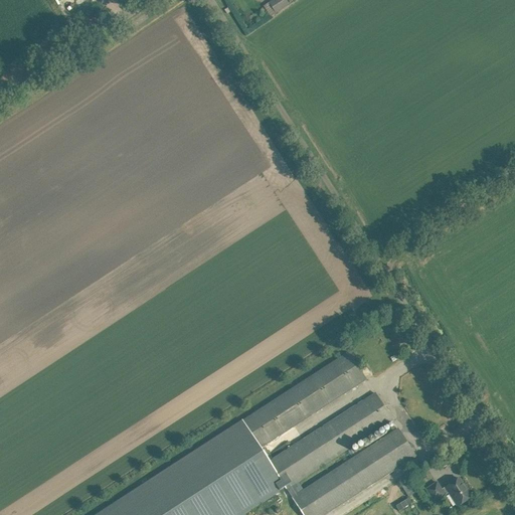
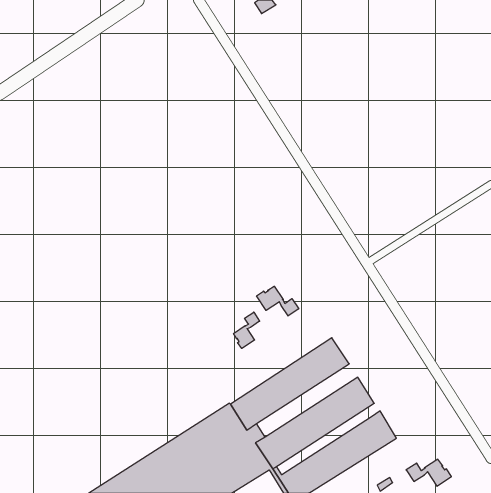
building: none -> [257,286,299,316]
building: none -> [234,312,260,348]

